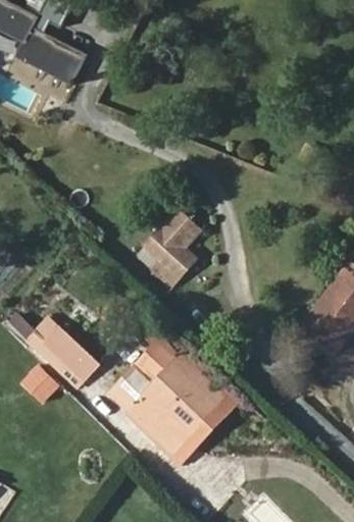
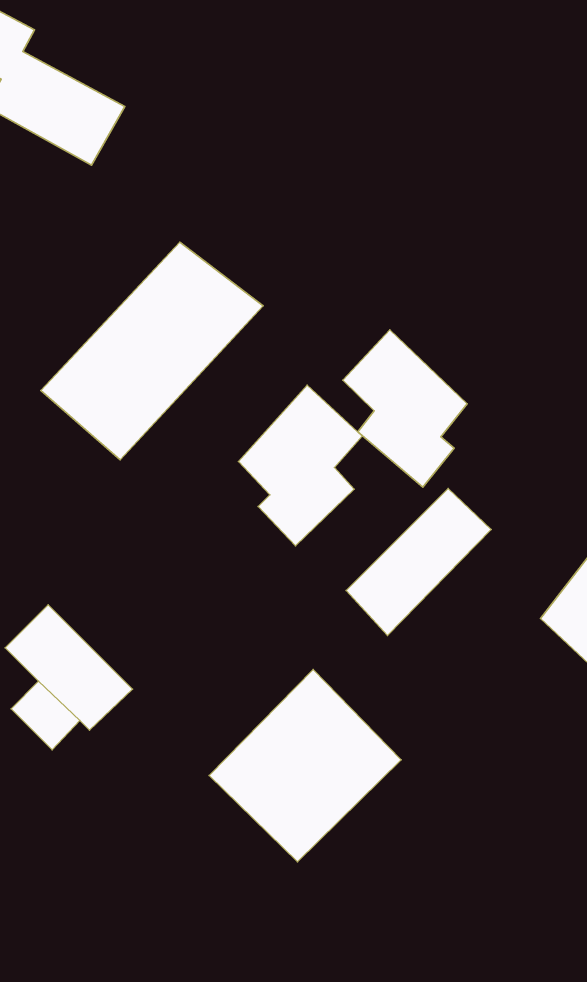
building: none -> [41,242,263,460]
building: none -> [343,330,467,487]
building: [108,330,184,407] -> [346,488,491,636]

